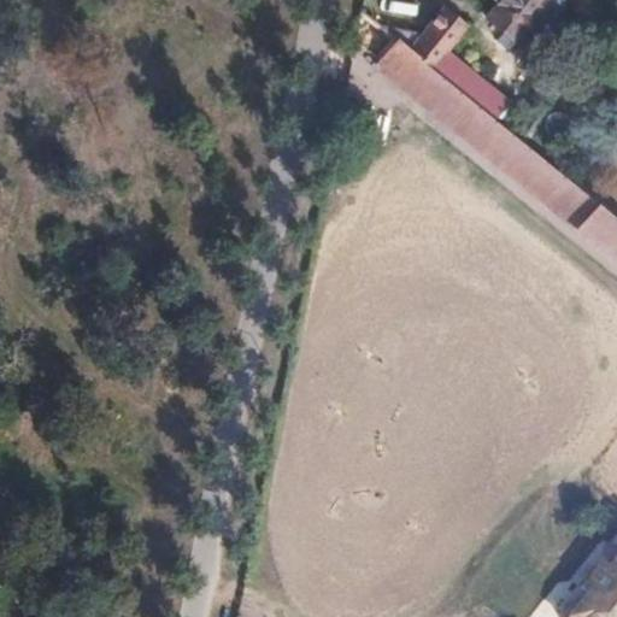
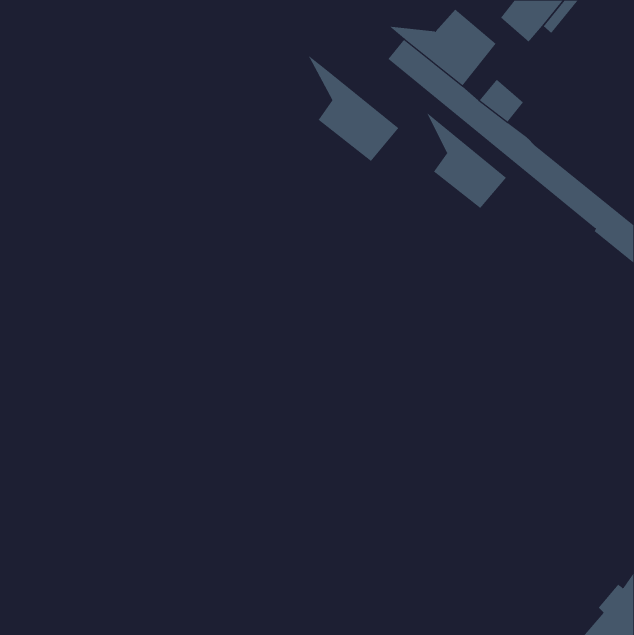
building: none -> [307,53,399,162]
building: none -> [426,111,507,209]

